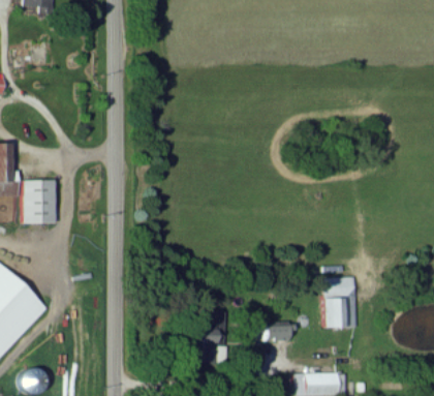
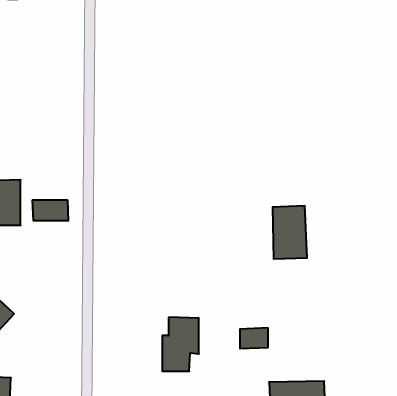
building: none -> [33,200,68,221]
building: [322,277,355,328] -> [273,206,307,259]

